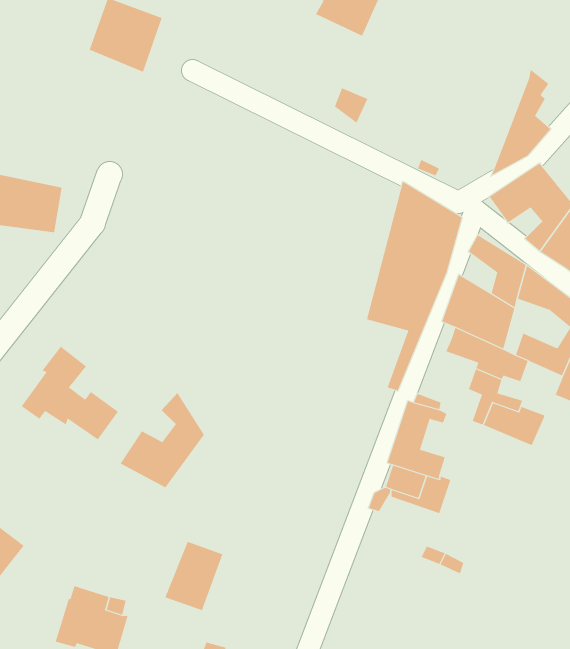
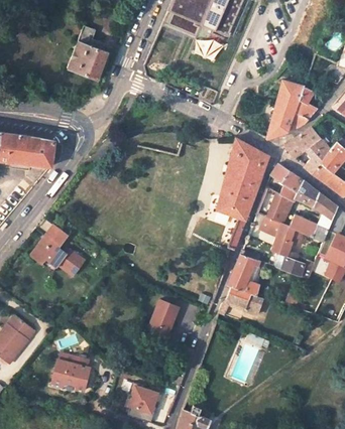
building: none -> [265,82,305,140]
building: [120,392,204,488] -> none
building: [165,541,223,611] -> [148,300,180,337]

